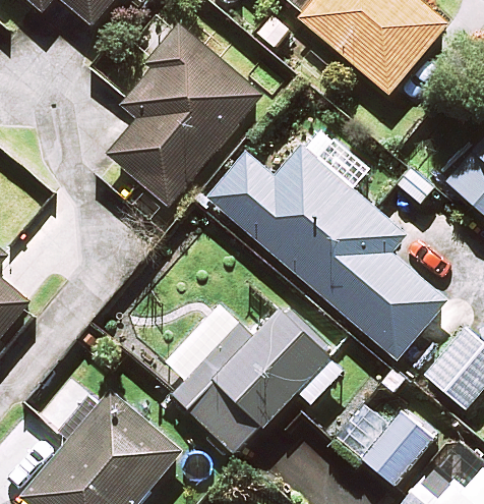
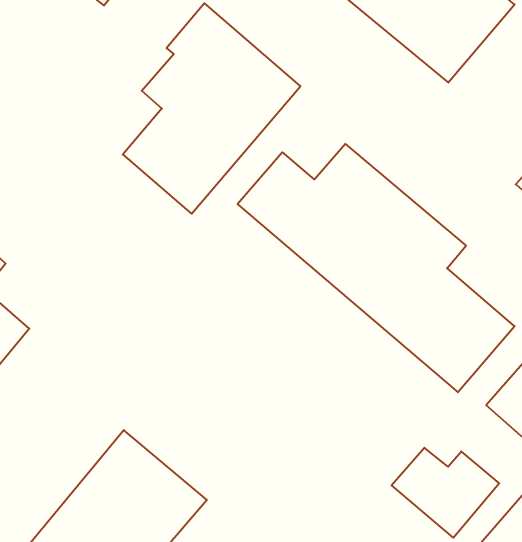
building: [160,309,342,454] -> none

